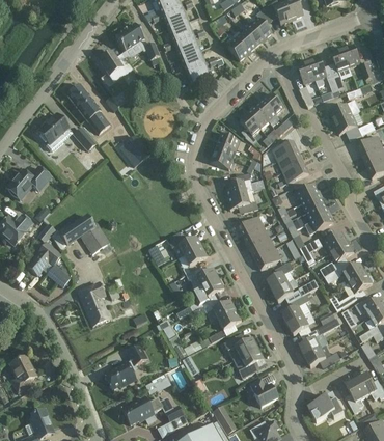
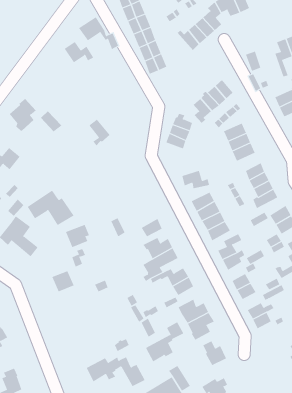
building: [307,56,337,91] -> none
building: [65,83,109,133] -> none
building: [223,171,249,197] -> none
building: [167,232,200,257] -> none
building: [77,282,104,308] -> [65,224,90,248]
building: [103,343,145,388] -> [145,321,184,362]
building: [306,394,342,420] -> none

